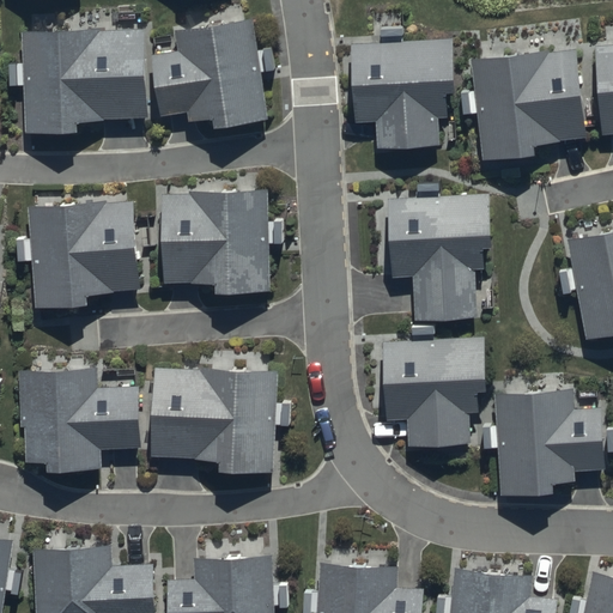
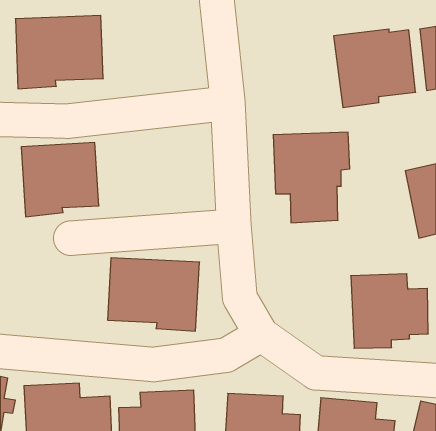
building: [153,24,268,129] -> none
building: [348,37,453,146] -> none
building: [160,194,269,293] -> none
building: [380,341,481,448] -> none
building: [20,375,140,472] -> none

